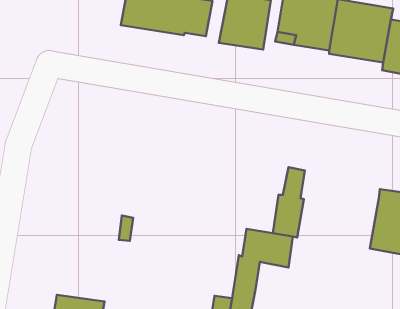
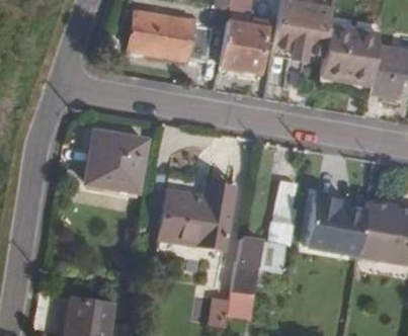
building: none -> [86,130,148,184]
building: none -> [160,182,235,249]
building: none -> [306,193,365,255]

